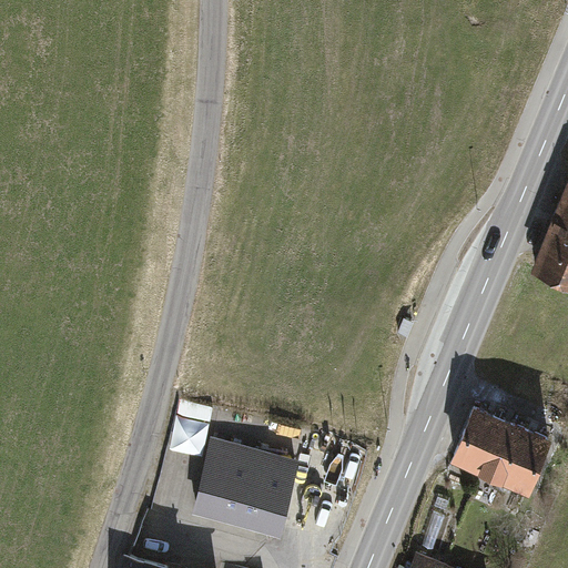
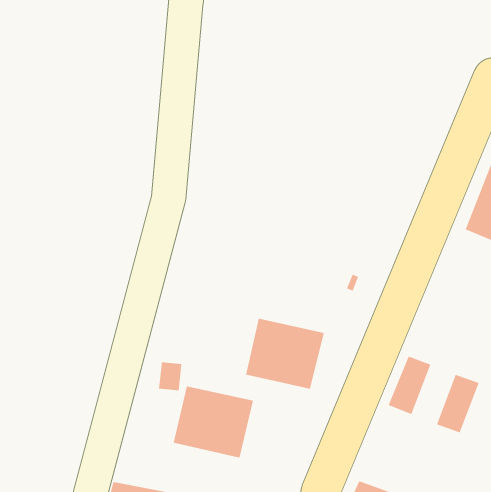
building: none -> [245,318,324,390]
building: [476,420,526,489] -> none

